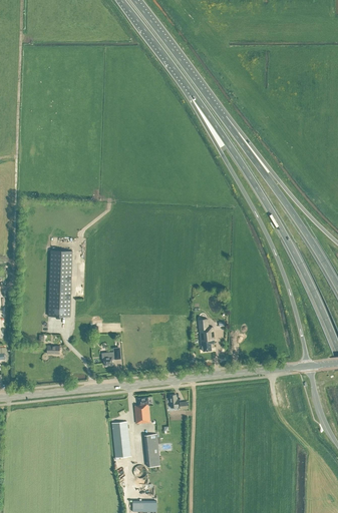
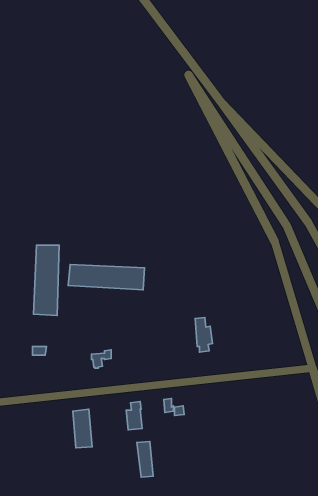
building: none -> [68,265,144,290]
building: [112,421,130,457] -> [73,409,92,448]

